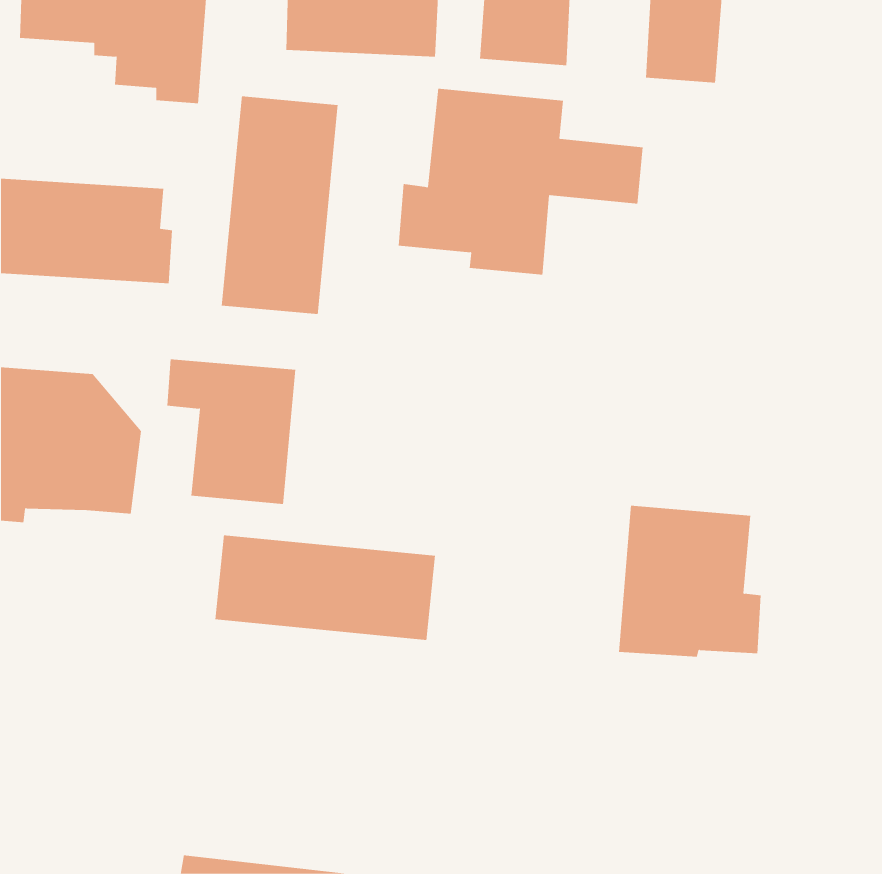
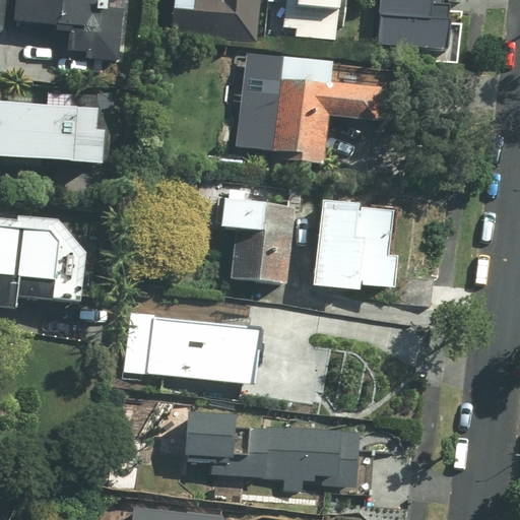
building: [221,95,338,315] -> none
building: [166,359,296,504] -> [217,198,294,283]
building: [618,505,762,657] -> [312,199,396,288]
building: none -> [180,410,374,493]

